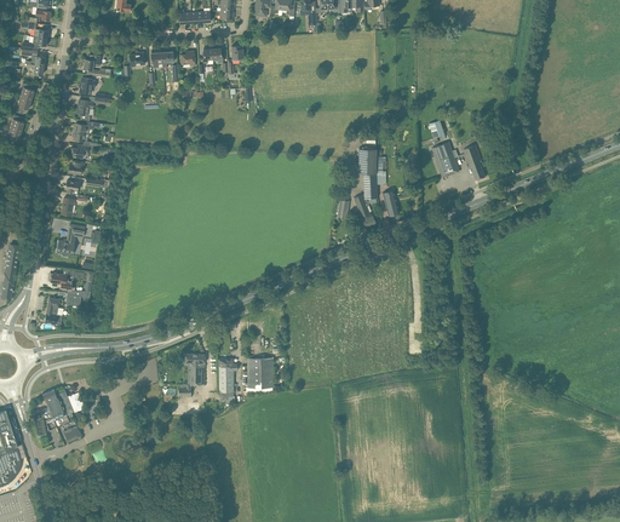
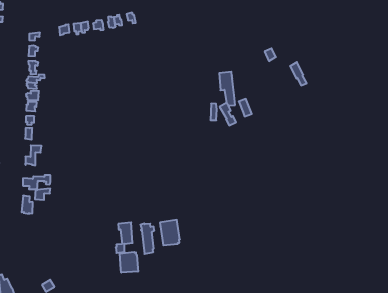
building: [432,140,459,176] -> none
building: [31,388,74,426] -> none
building: none -> [120,252,138,273]

